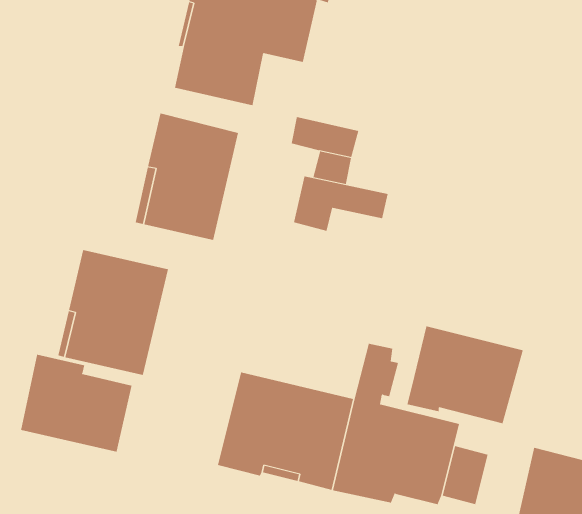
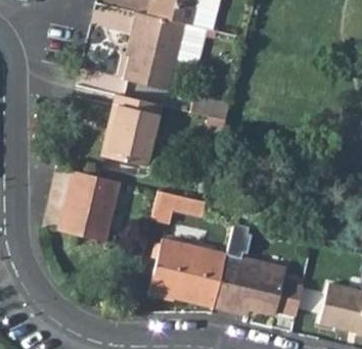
building: [293,176,388,232] -> [152,190,207,221]
building: [407,326,523,424] -> none
building: [20,354,132,453] -> none

